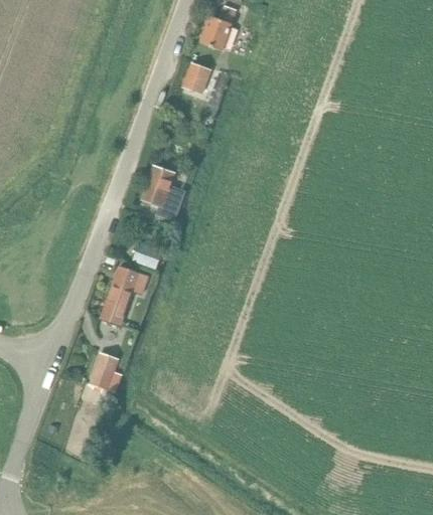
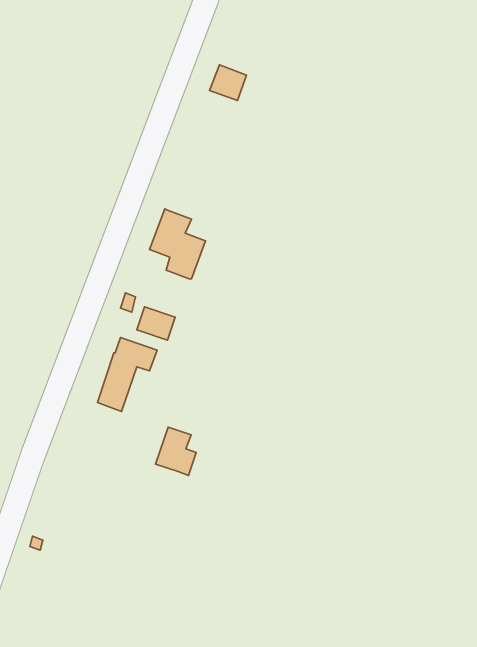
building: [199,7,236,50] -> none
building: [90,353,122,391] -> [155,427,196,475]

